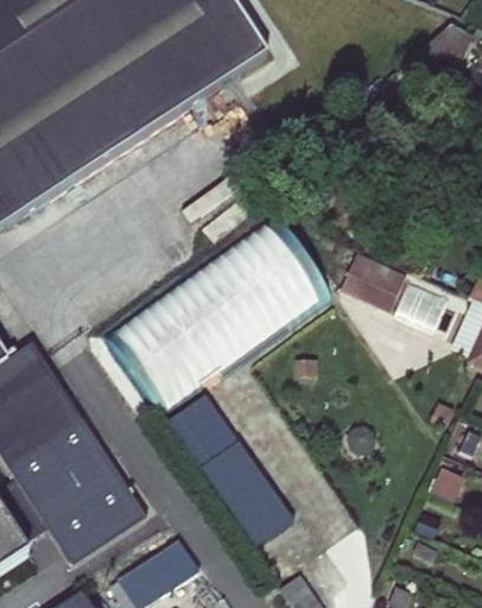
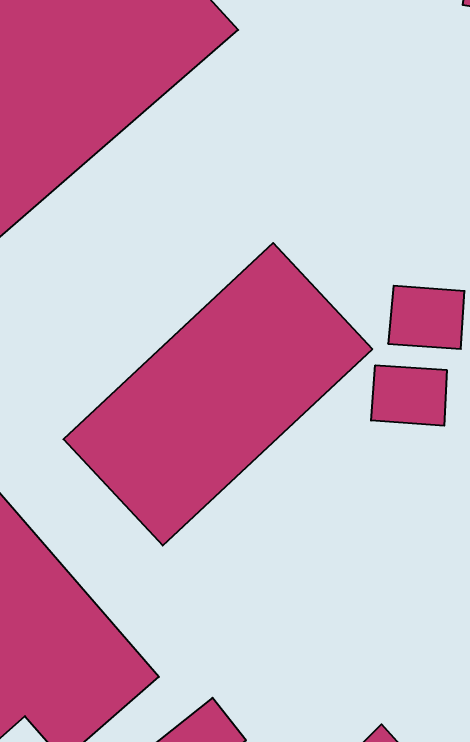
building: none -> [371,365,447,426]
building: [166,393,296,547] -> none

